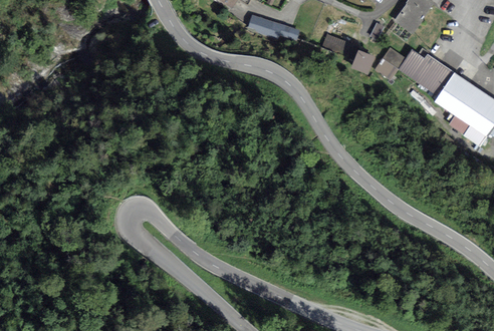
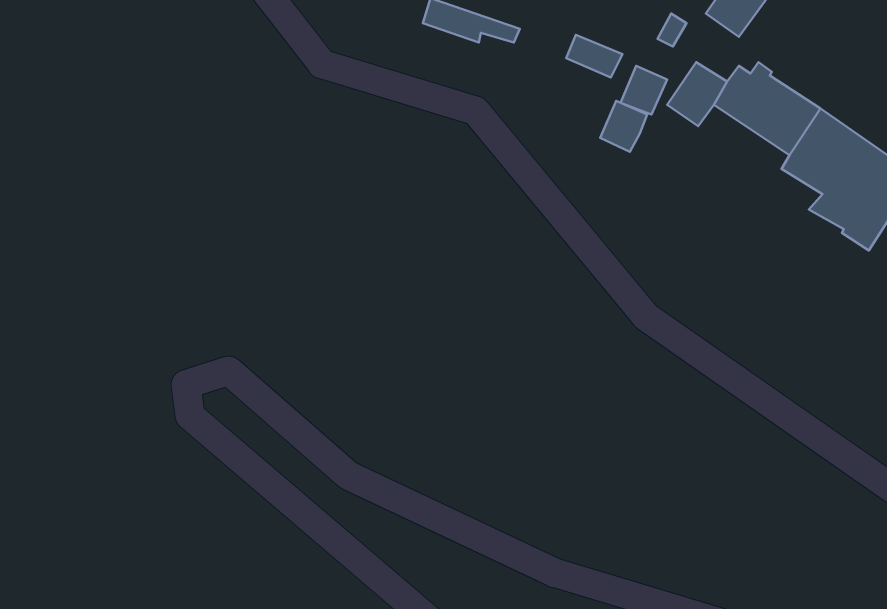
building: none -> [600,101,647,152]

